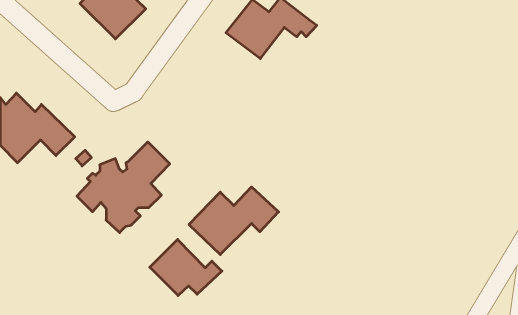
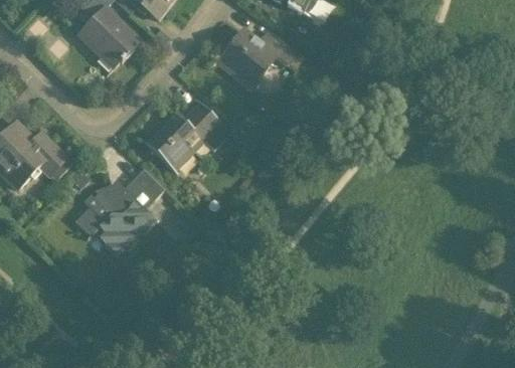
building: [189,187,279,255] -> [145,106,231,171]
building: [150,239,222,296] -> none

